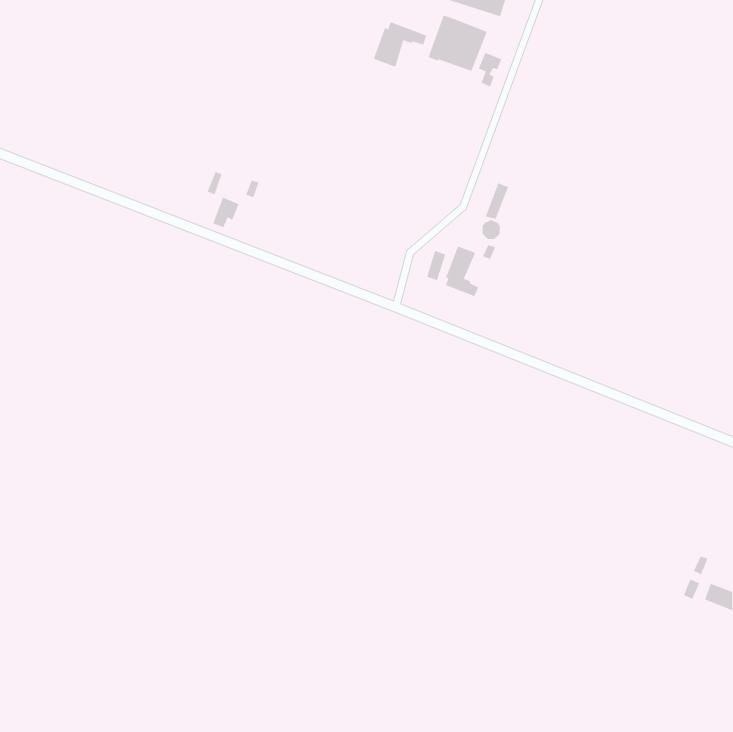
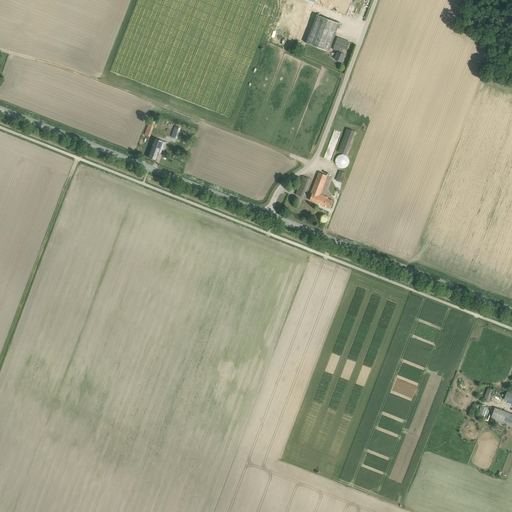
building: [373,21,427,68] -> none

